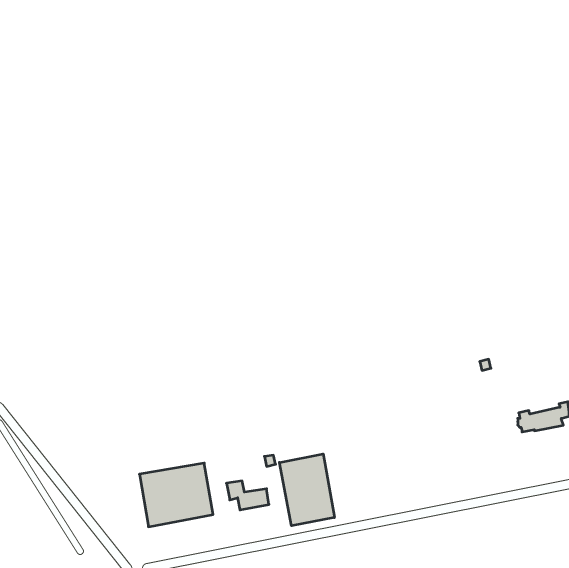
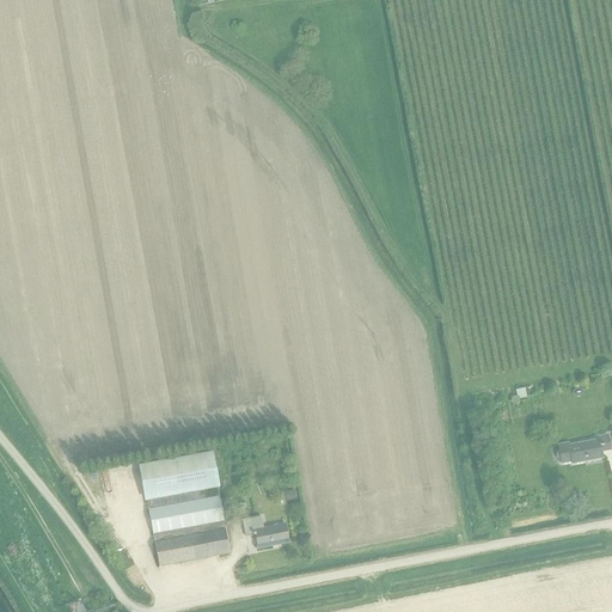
building: none -> [140,451,218,498]
building: [279,454,334,526] -> none

